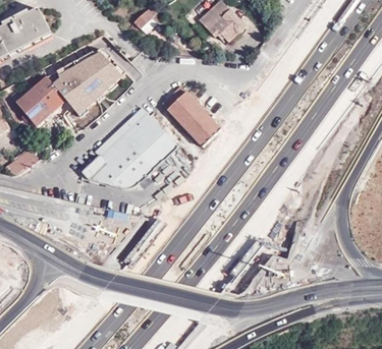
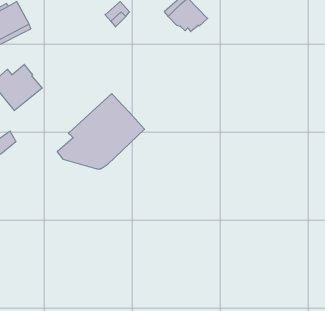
building: [50,47,124,116] -> none
building: [160,84,220,147] -> none

